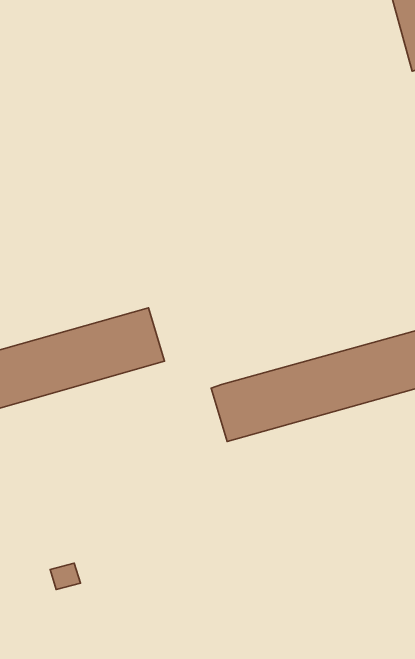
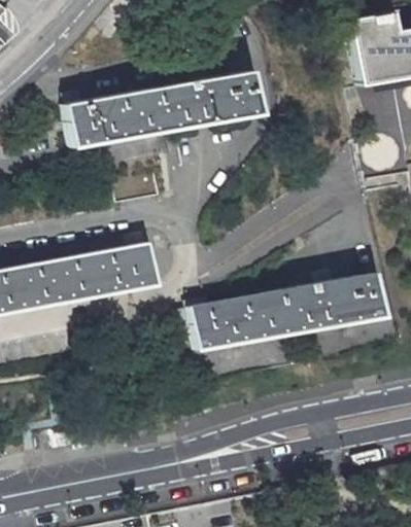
building: none -> [65,74,256,146]

